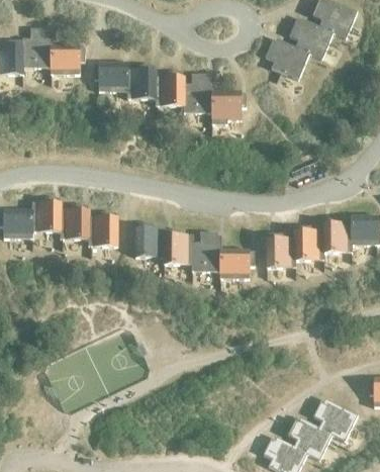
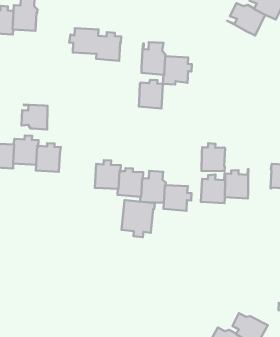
building: [265,39,309,78] -> none
building: [51,43,85,73] -> none
building: [156,71,184,105] -> [139,80,163,108]
building: none -> [21,104,48,129]
building: [89,211,117,246] -> none
building: [322,217,352,252] -> [202,143,225,171]
building: none -> [121,200,155,237]

